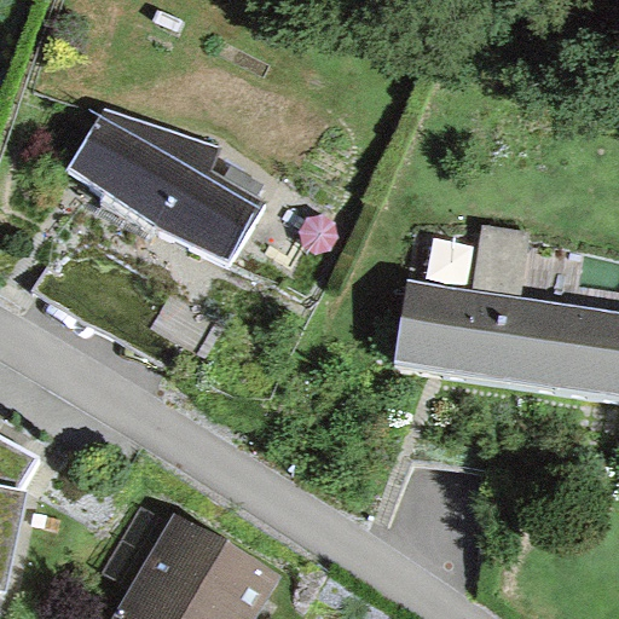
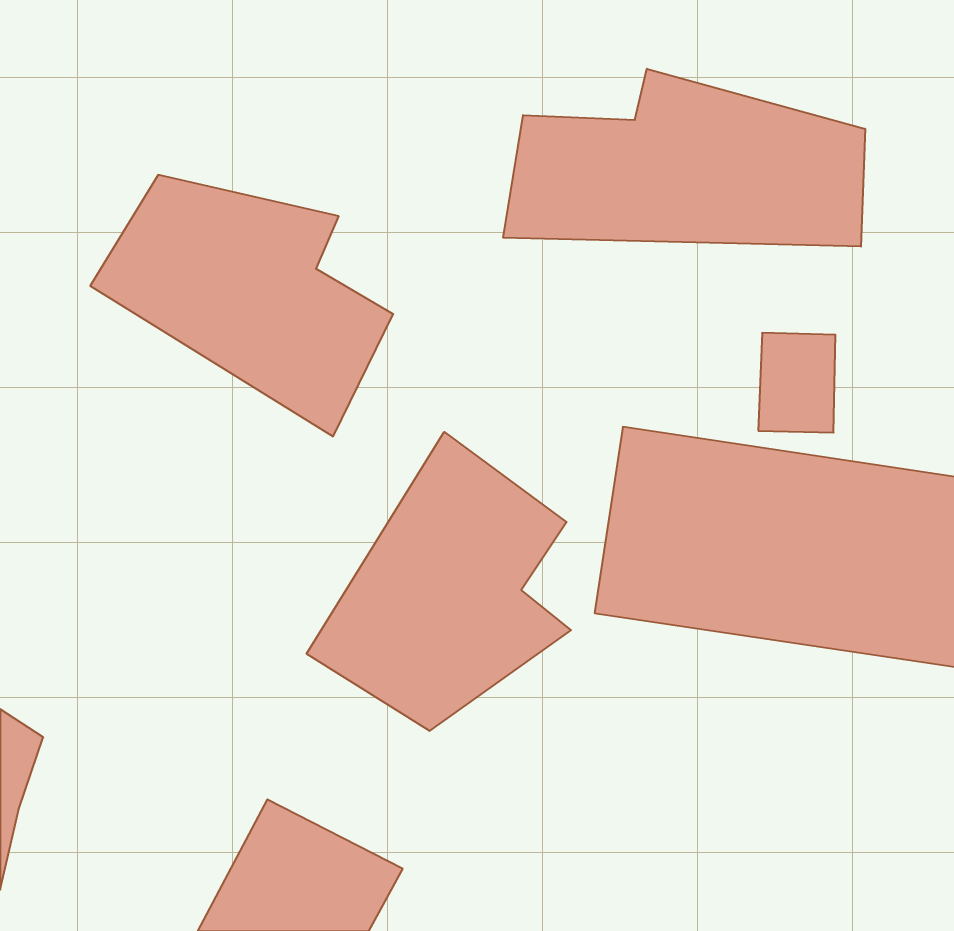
building: none -> [503,69,865,247]
building: none -> [307,432,571,731]

